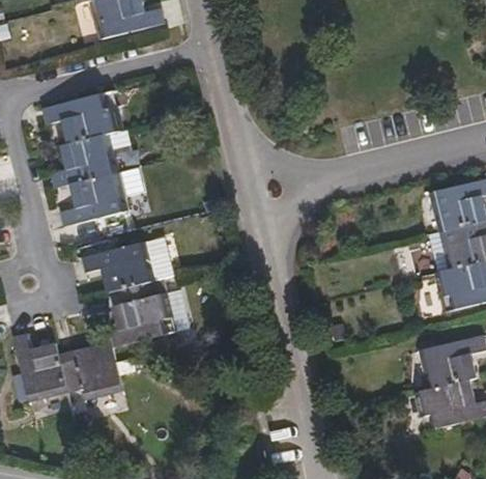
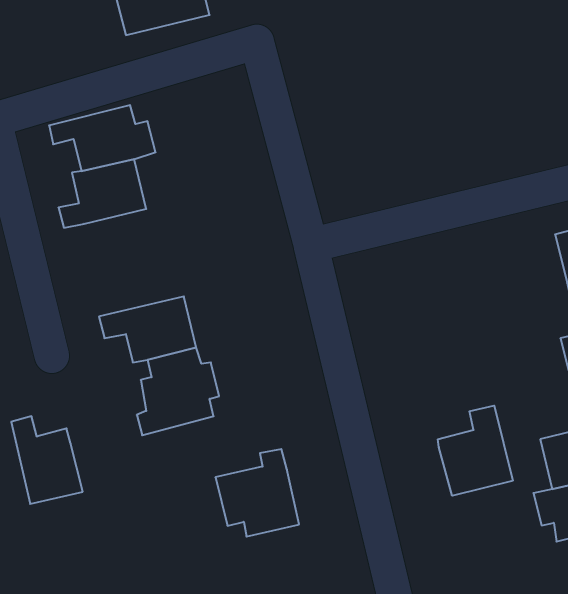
building: [59,173,125,226] -> none
building: none -> [438,406,513,496]
building: [58,332,122,399] -> [215,449,299,537]

